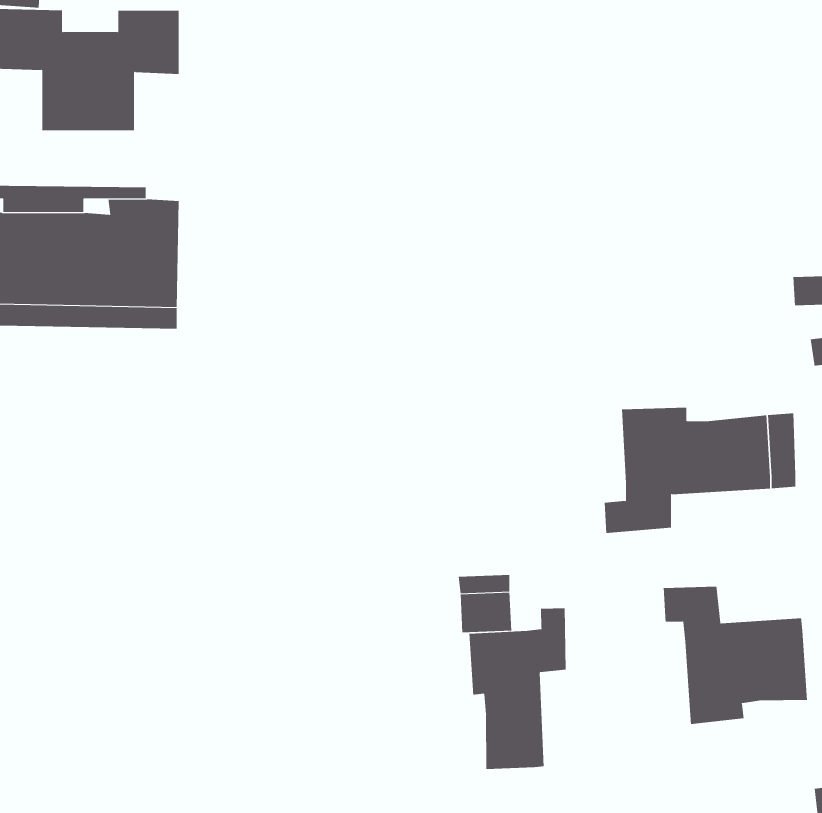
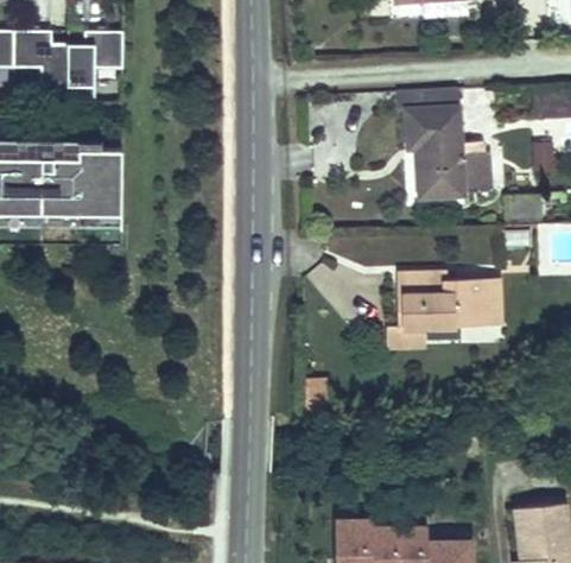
building: none -> [396,91,483,194]
building: [663,586,807,725] -> none
building: [469,607,566,770] -> none

